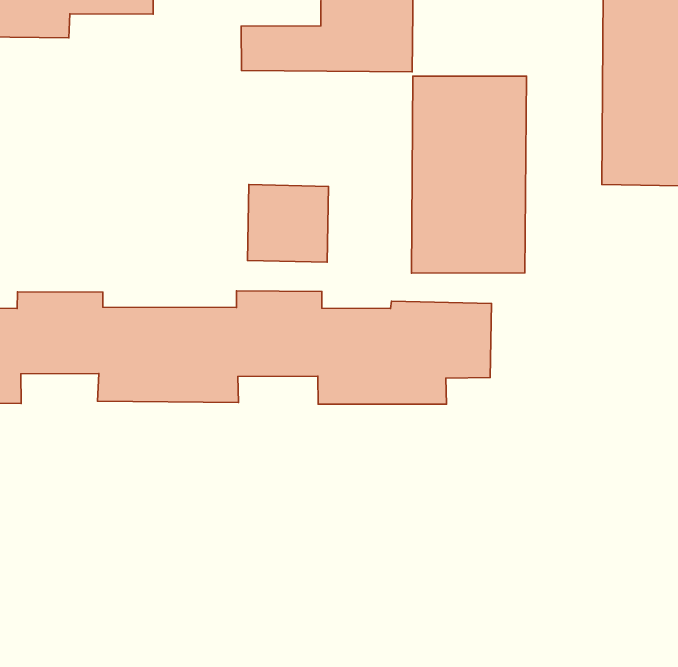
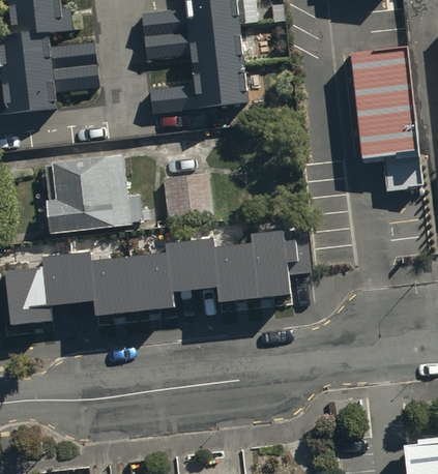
building: [411,76,526,273] -> none
building: none -> [42,156,132,234]

